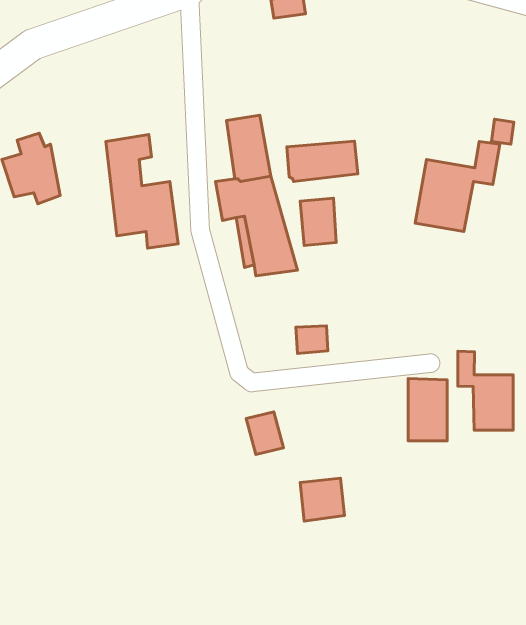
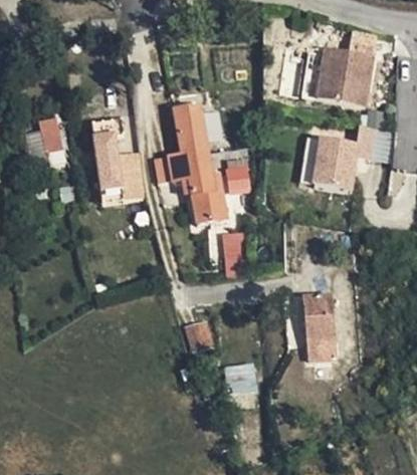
building: none -> [318,46,374,103]
building: [287,141,358,181] -> none
building: [458,351,513,430] -> none

